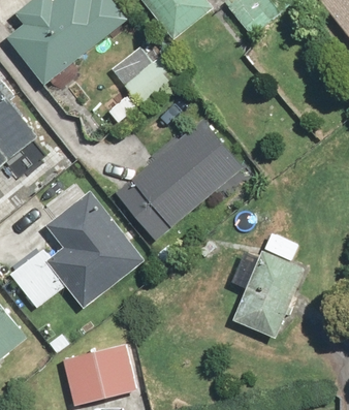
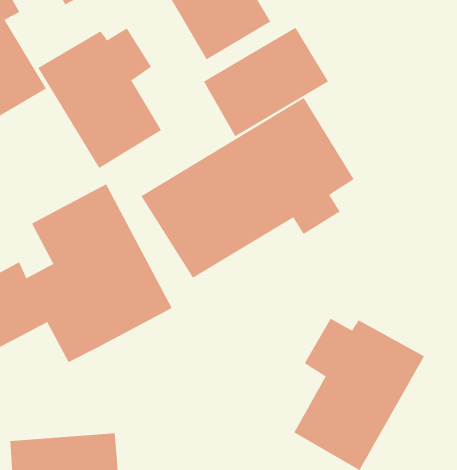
building: none -> [203,27,329,137]
building: none -> [38,27,162,169]

